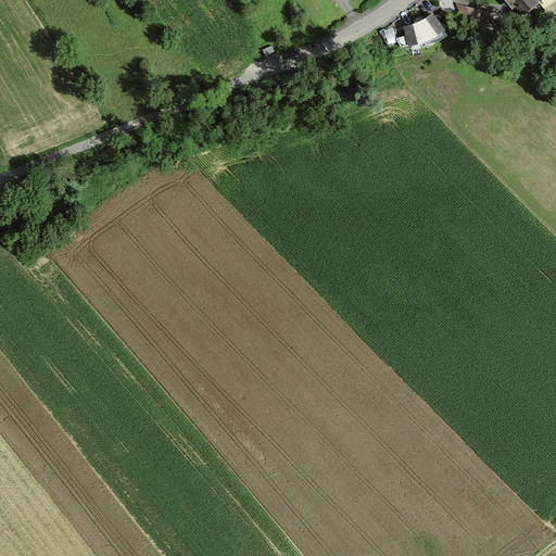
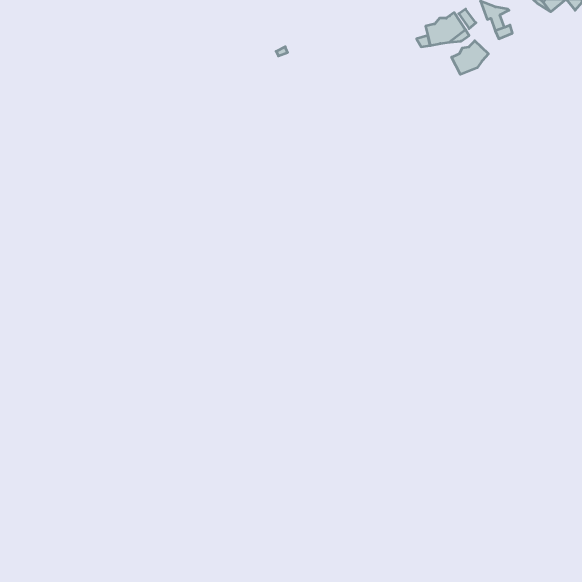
building: none -> [452,41,488,74]

